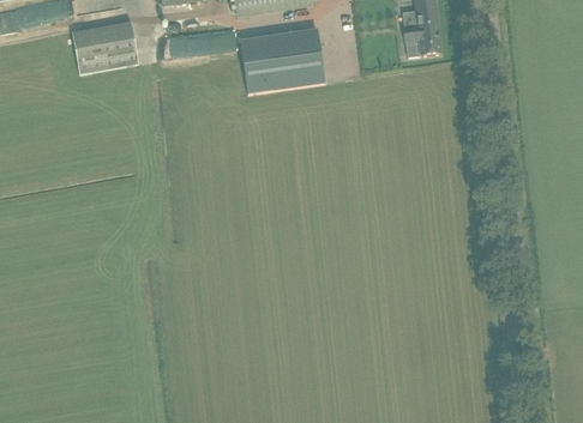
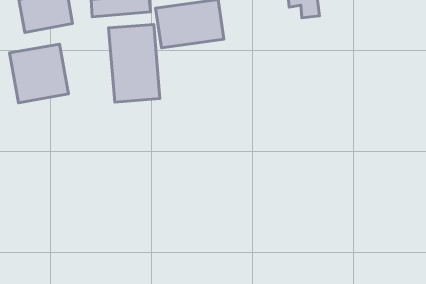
building: none -> [109,24,160,102]
building: none -> [9,44,69,103]

